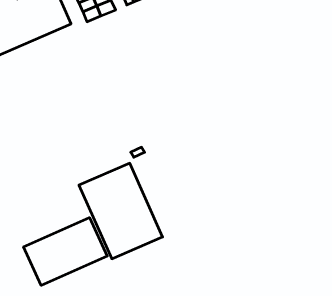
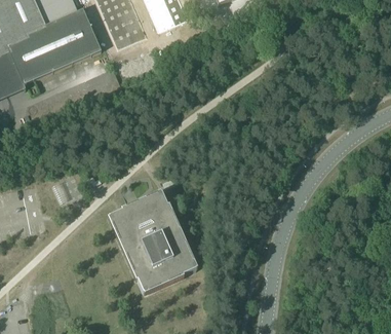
building: [24,218,107,285] -> none

